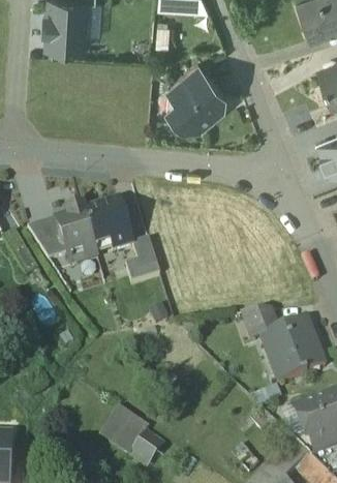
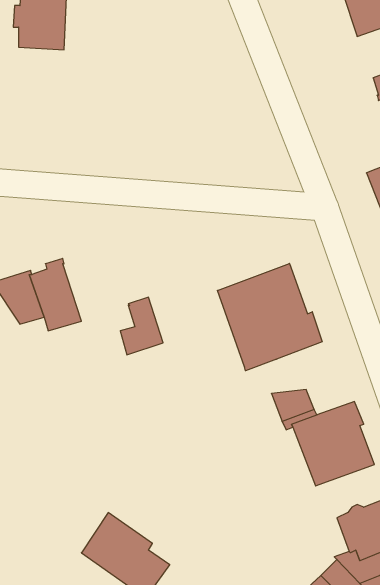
building: [166,64,223,127] -> none
building: [82,203,133,259] -> none
building: none -> [217,263,322,371]

